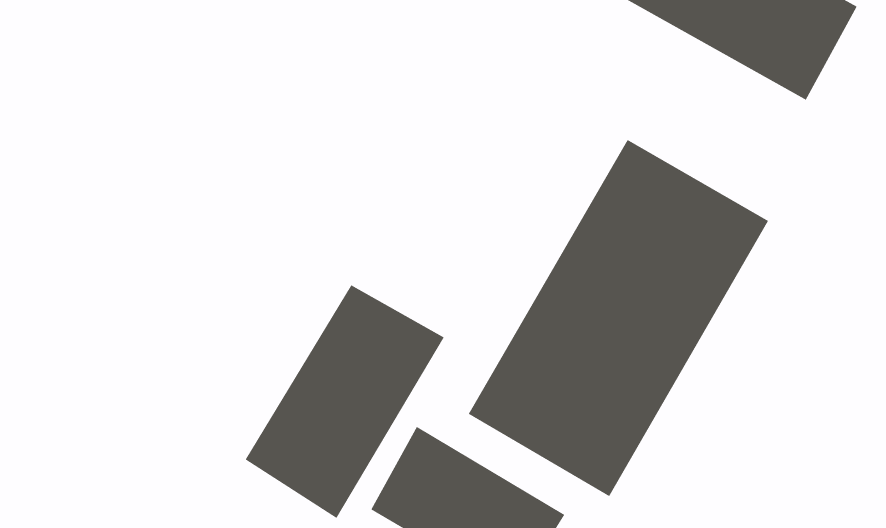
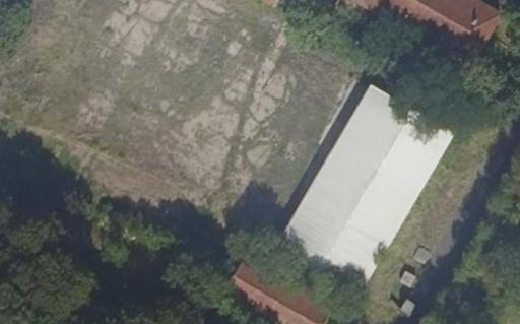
building: [245,284,444,519] -> none

